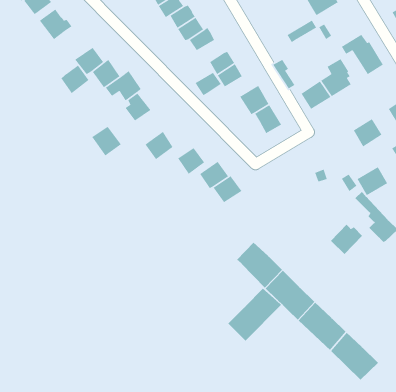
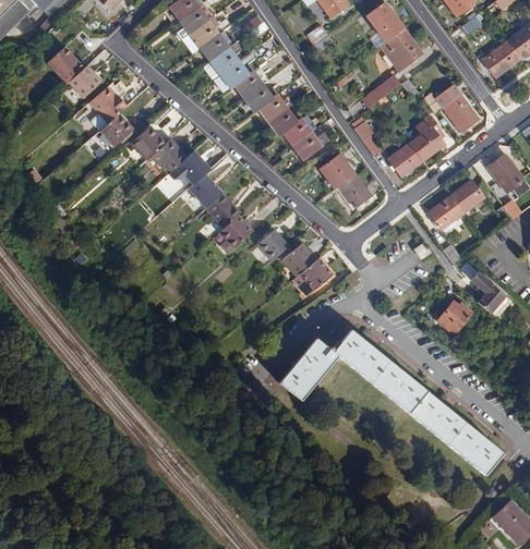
building: [60,65,89,94] -> [99,113,132,147]
building: [195,72,222,96] -> [267,108,298,136]
building: [91,126,122,157] -> [205,193,240,228]
building: [357,166,388,196] -> [427,195,463,230]
building: [228,288,282,342] -> [279,339,338,401]

